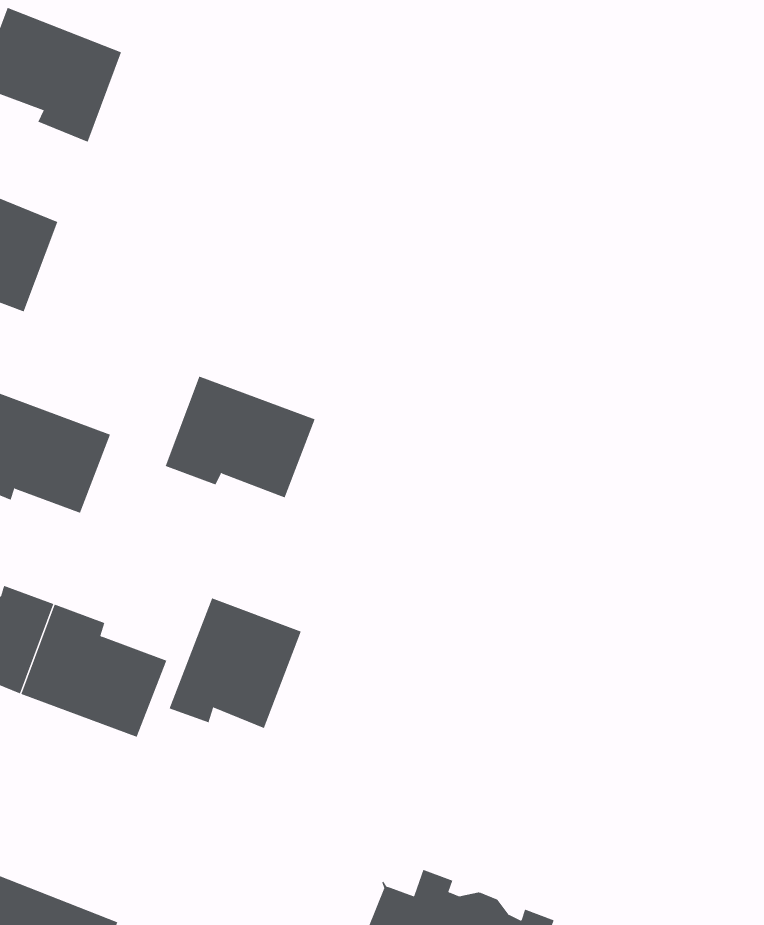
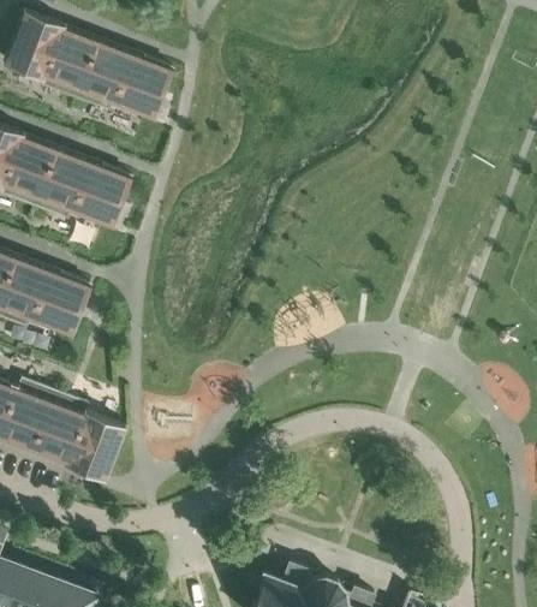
building: none -> [76,41,172,119]
building: [165,376,315,498] -> [35,149,131,227]
building: [169,597,301,729] -> none

